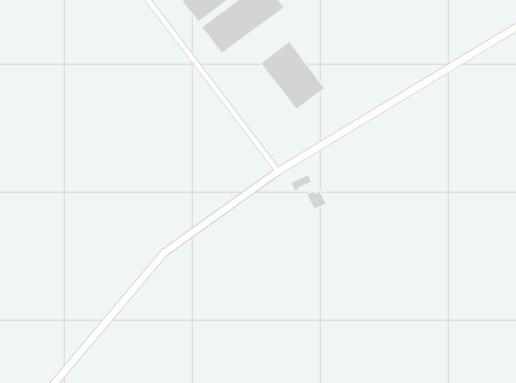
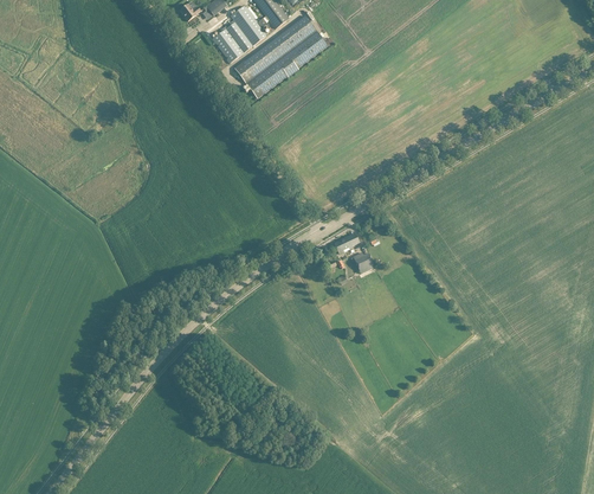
building: [261,41,325,110] -> none

